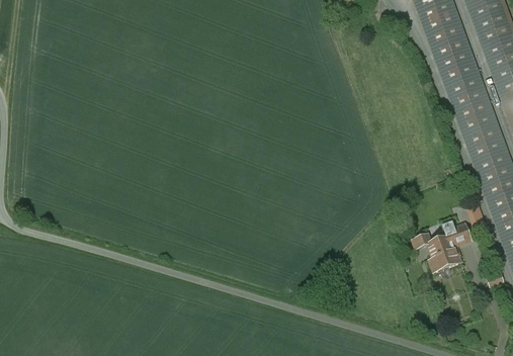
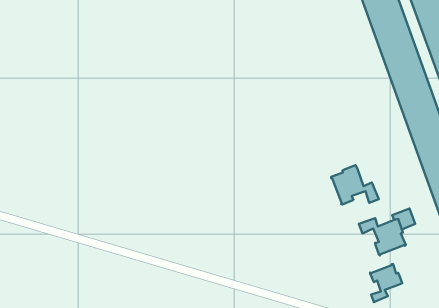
building: none -> [331,165,379,204]
building: none -> [370,264,402,302]

